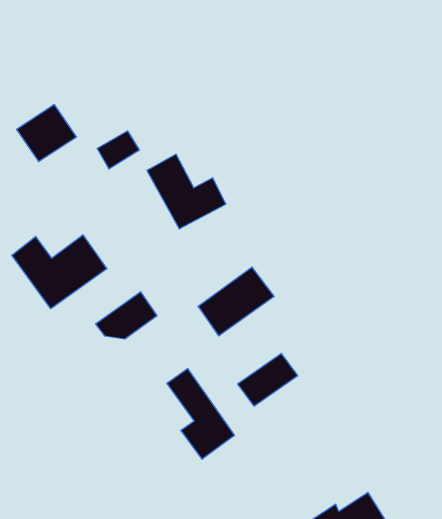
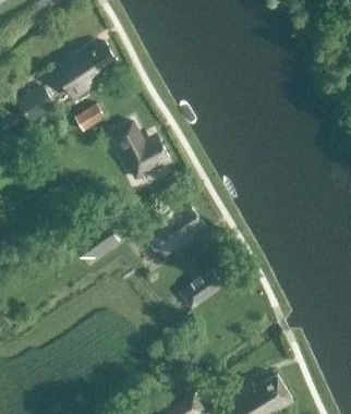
building: none -> [58,45,117,98]
building: [12,235,107,309] -> none
building: [167,369,234,459] -> none

